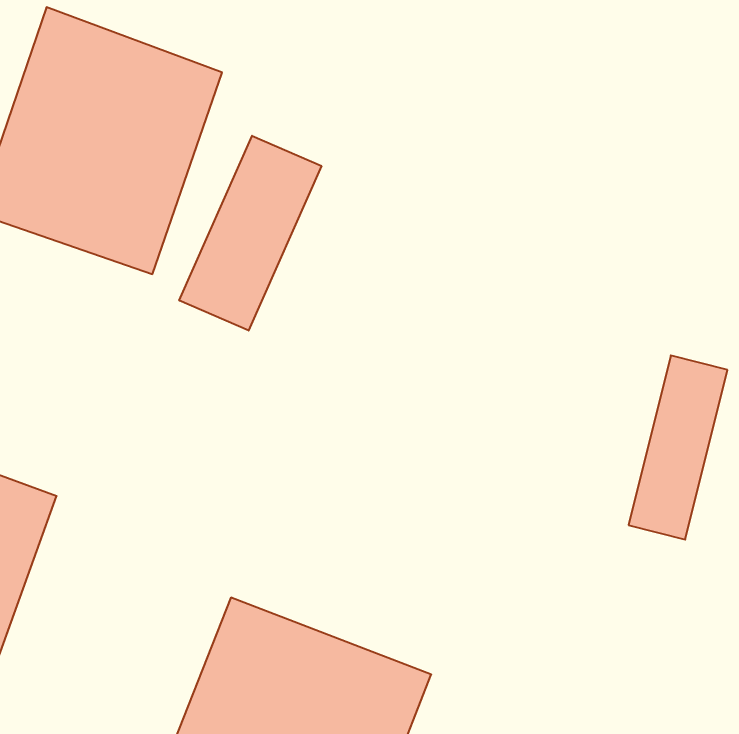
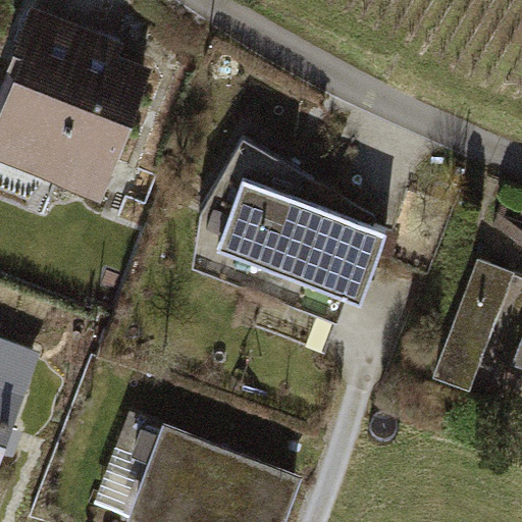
building: [179,136,321,331] -> none
building: none -> [193,139,385,321]

